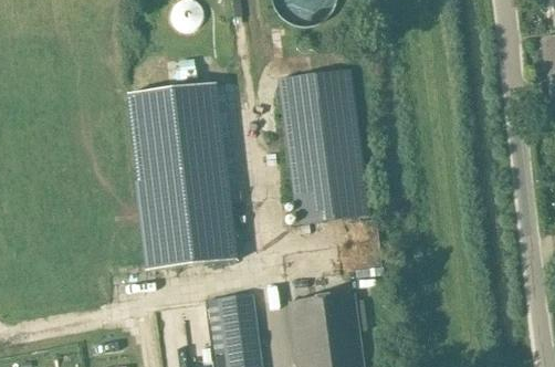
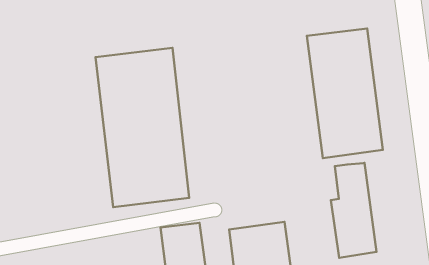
building: [278,69,368,223] -> [307,28,383,158]
building: none -> [331,163,376,258]

